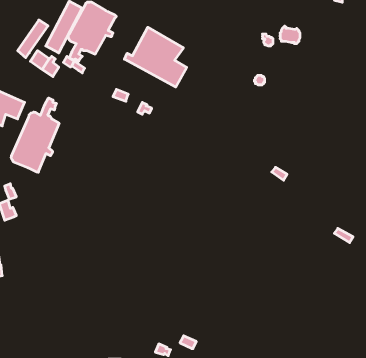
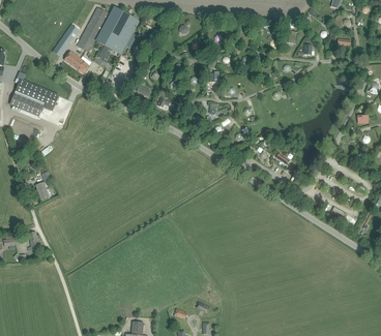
building: [124,27,187,87] -> none
building: [11,98,59,172] -> none

